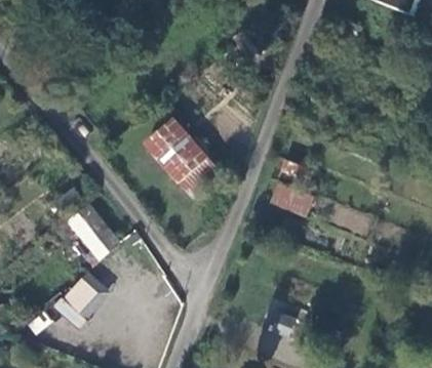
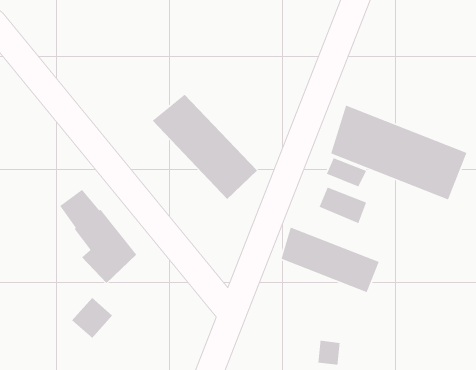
building: none -> [330,104,468,200]
building: none -> [281,226,380,293]

